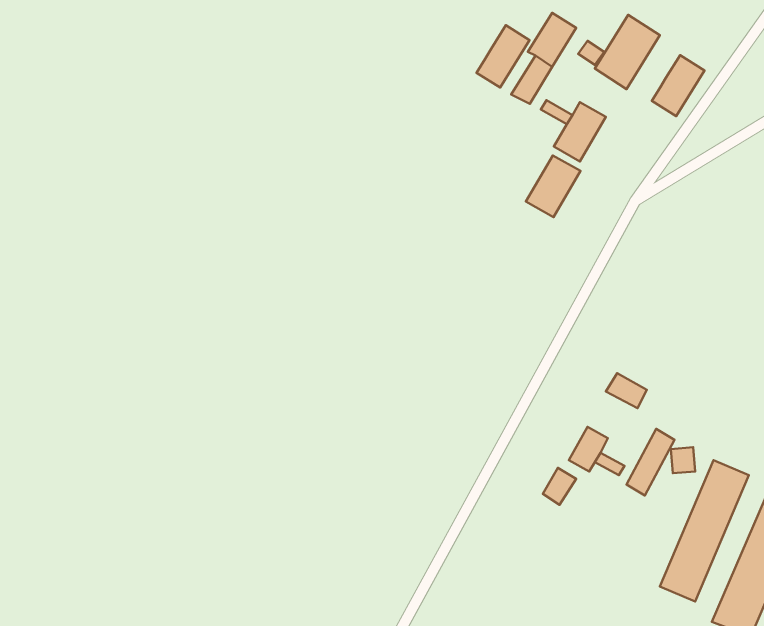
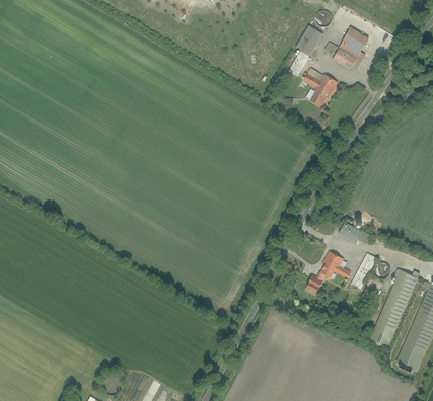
building: [477,25,529,87] -> none
building: [652,55,704,116] -> none
building: [526,155,580,217] -> none

